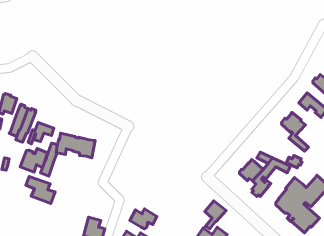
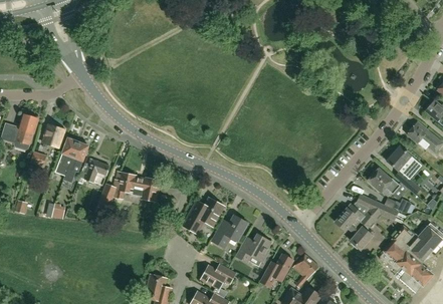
building: none -> [369,170,400,197]
building: [20,149,48,172] -> none
building: none -> [183,198,224,233]
building: none -> [212,215,247,248]
building: [26,177,55,204] -> none
building: none -> [236,234,271,262]
building: none -> [259,253,293,285]

